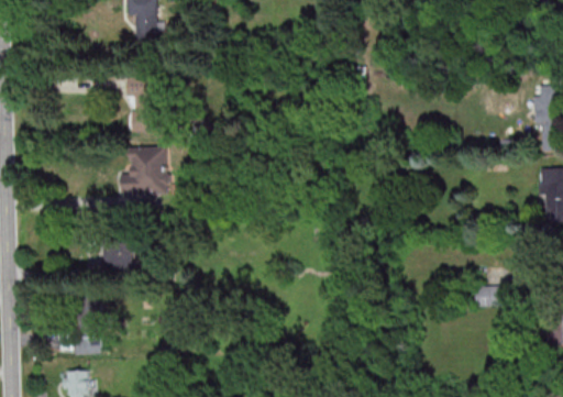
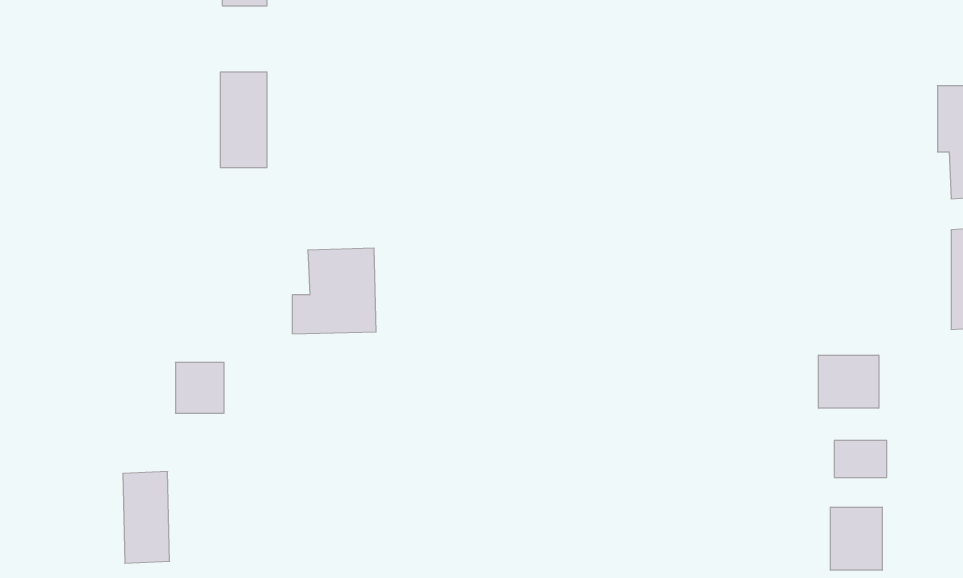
building: [122,146,169,195] -> [292,248,376,334]
building: none -> [819,355,879,408]
building: none -> [830,507,882,570]

